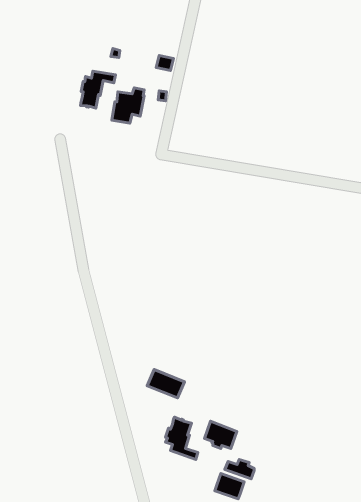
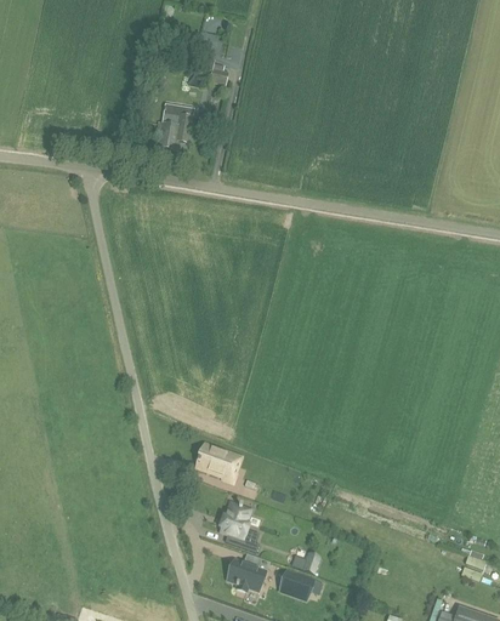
building: [81,71,116,108] -> none
building: [205,421,237,449] -> [226,558,265,591]

